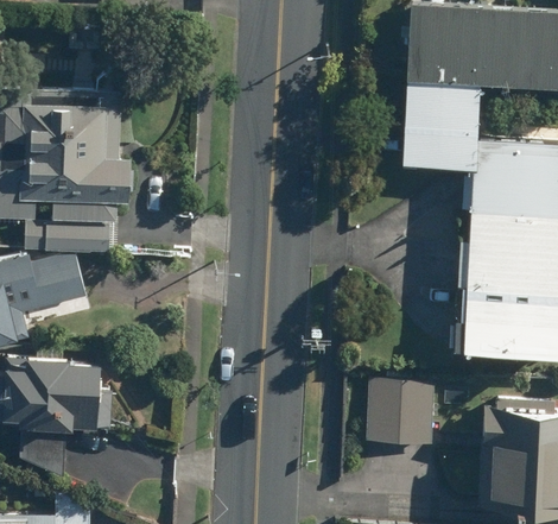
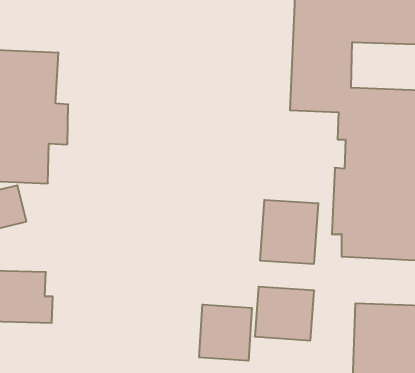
building: none -> [260,200,318,264]
building: none -> [199,304,252,361]

